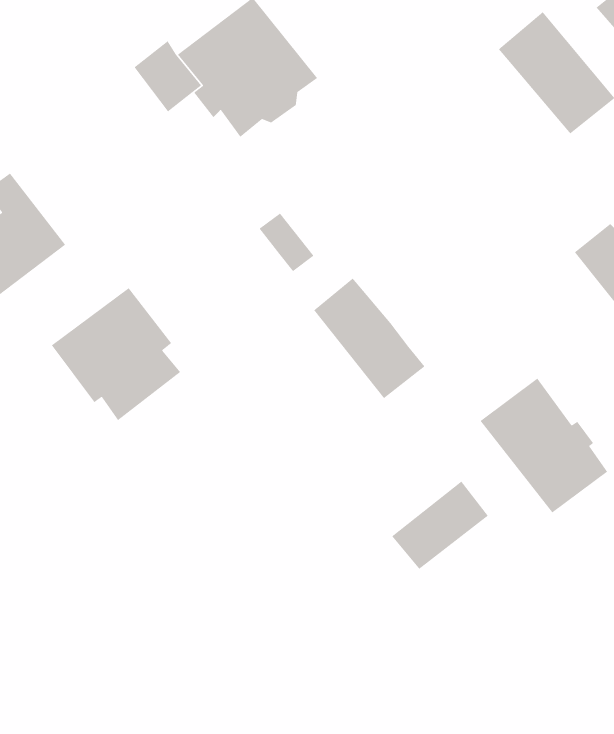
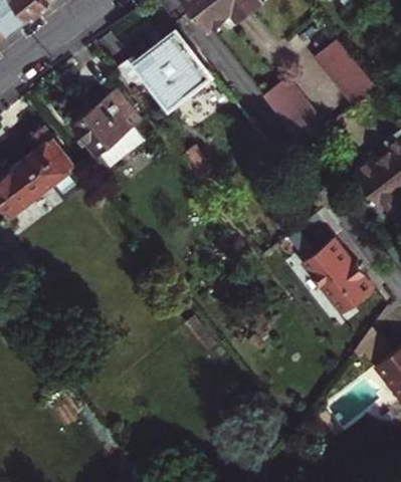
building: [313,278,425,399] -> [261,79,324,147]
building: [51,287,181,421] -> [72,91,145,166]
building: [391,481,489,570] -> none

